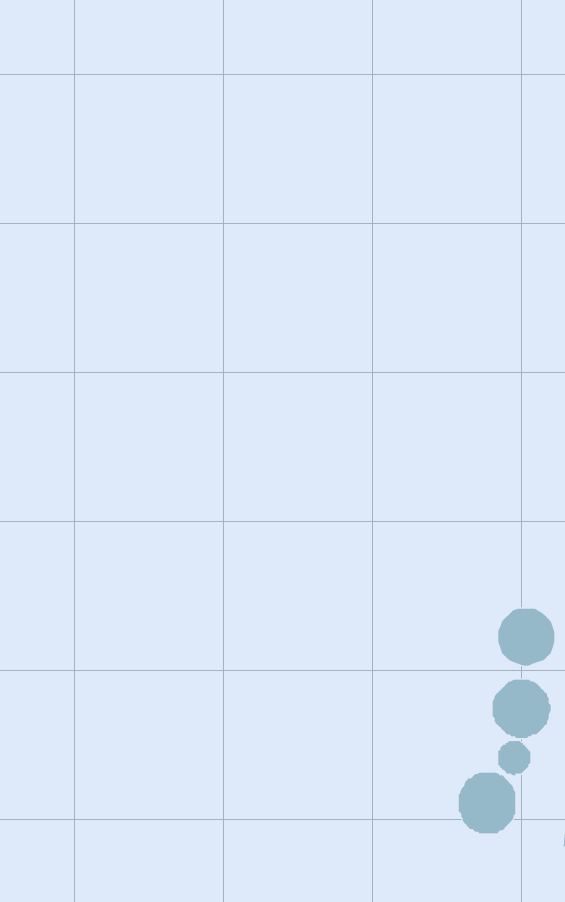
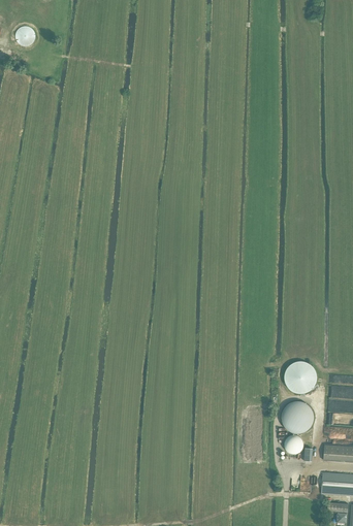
building: [458,772,516,834] -> none

